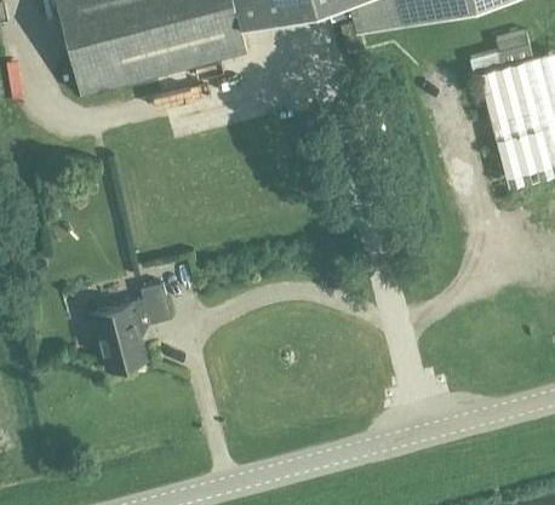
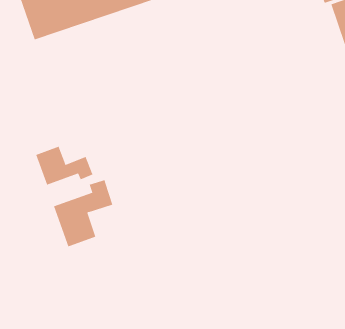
building: none -> [35,146,93,186]

